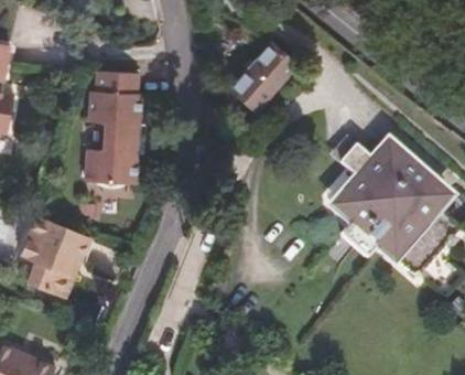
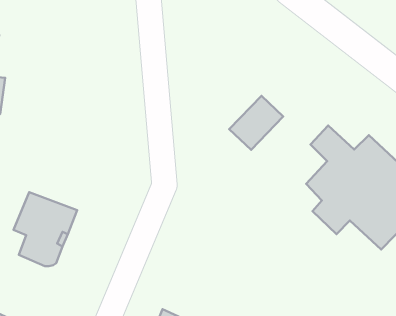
building: [237,47,294,105] -> [229,96,283,150]
building: [85,72,145,182] -> none

